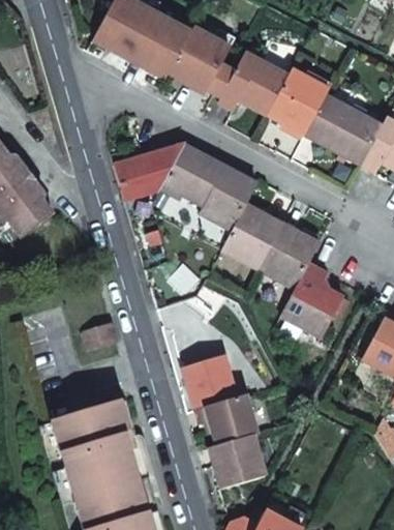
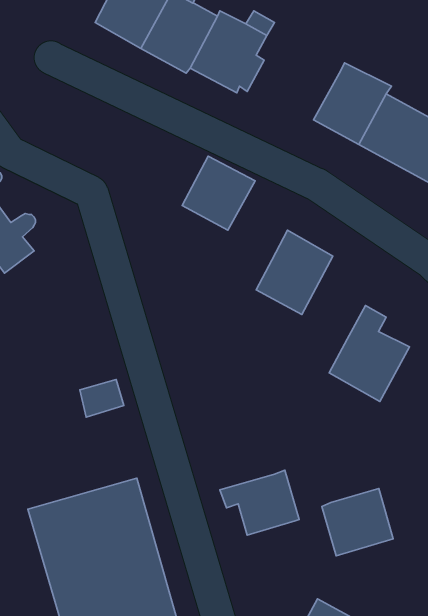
building: [215,52,290,114] -> none
building: [114,143,184,201] -> none
building: [200,163,257,226] -> none
building: [259,223,320,289] -> none
building: [182,355,237,409] -> none
building: [208,434,265,488] -> [322,488,393,556]

